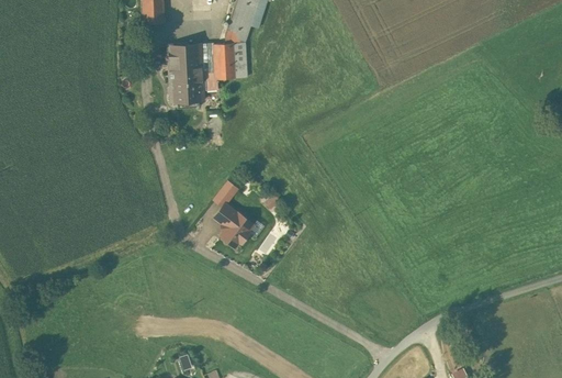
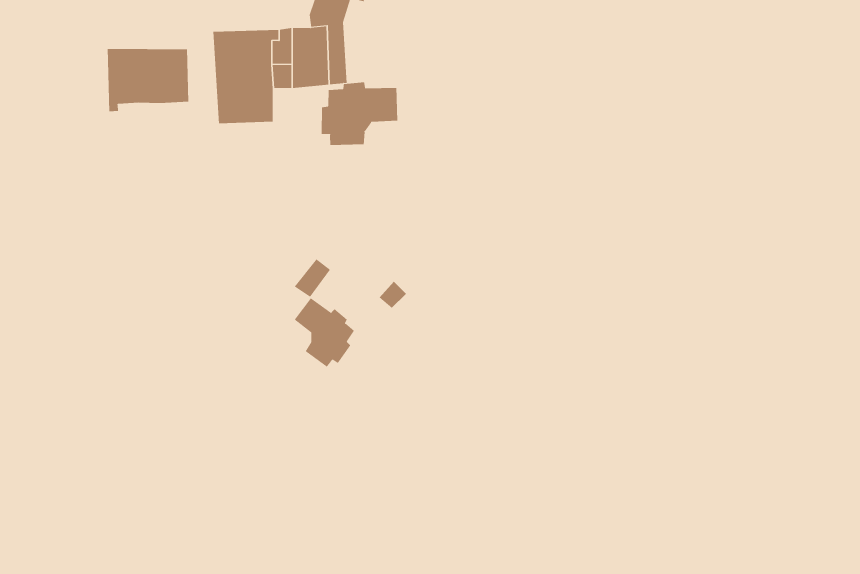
building: none -> [107,48,189,112]
building: none -> [321,81,398,146]

